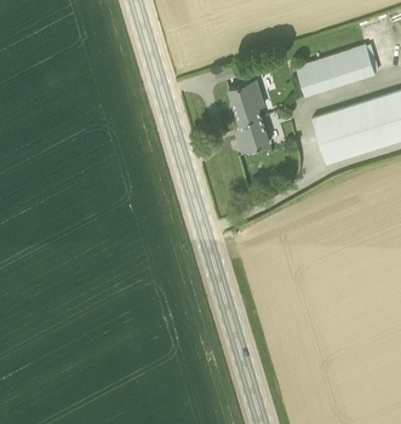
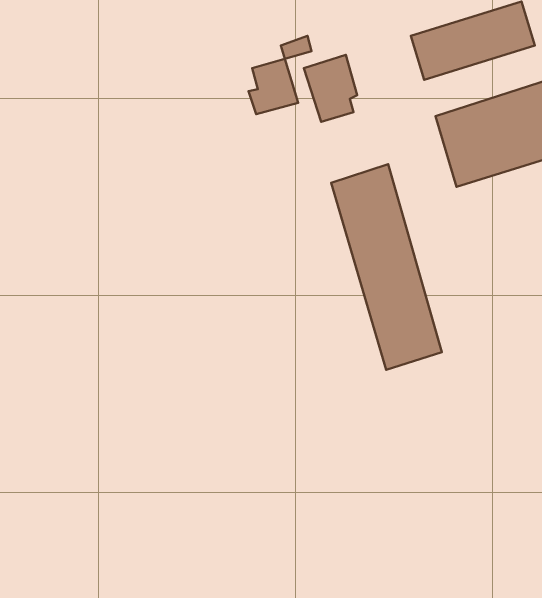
building: [236,115,268,150] -> [248,59,298,114]
building: none -> [331,164,442,370]

